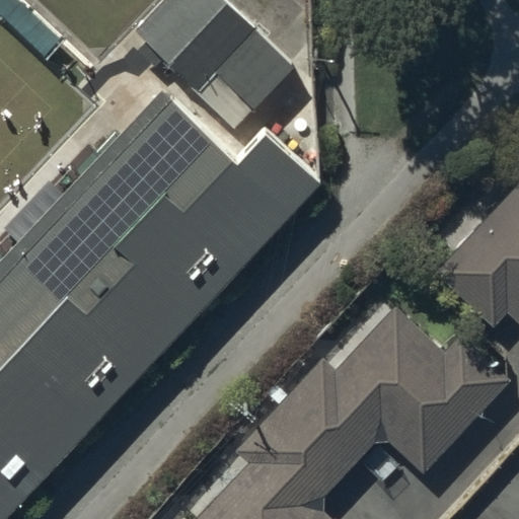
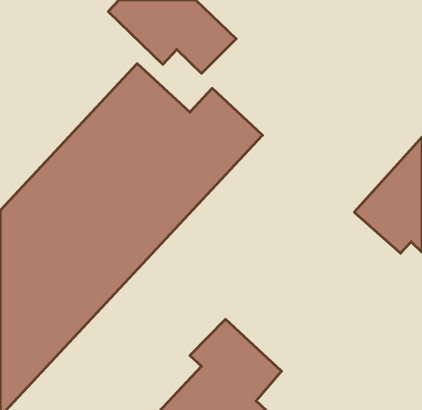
building: [277,307,509,472] -> none

